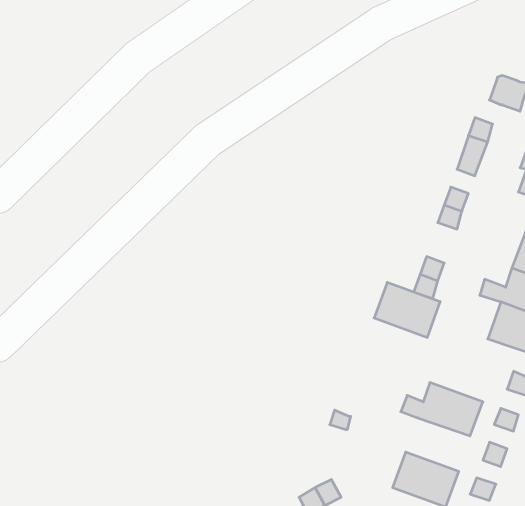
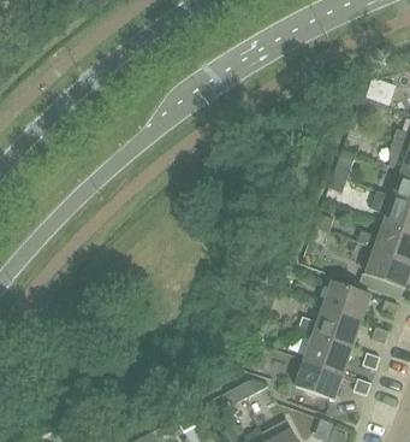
building: [374,282,440,337] -> [322,279,372,320]
building: none -> [304,332,352,372]

